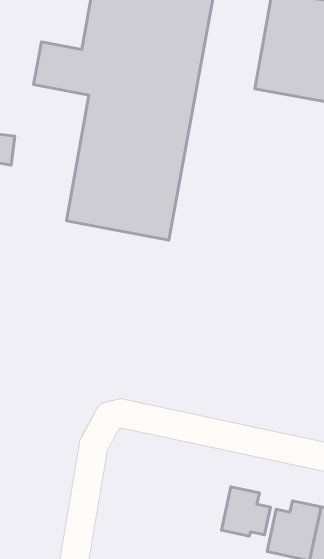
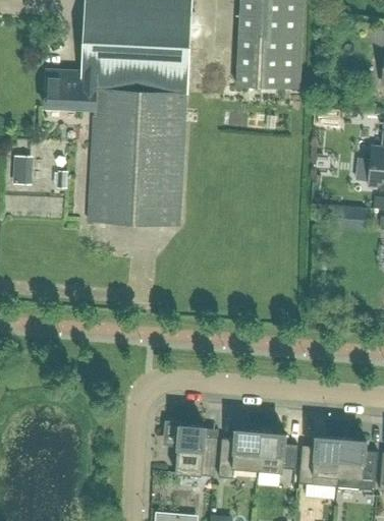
building: none -> [166,424,217,476]
building: none -> [220,429,261,470]

